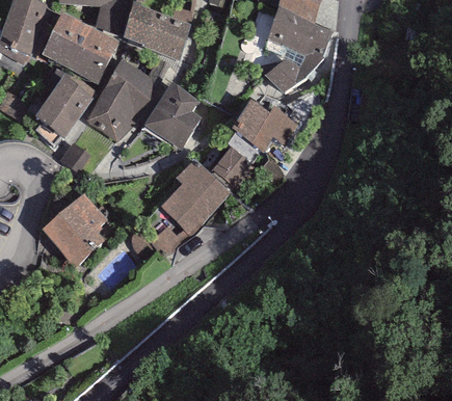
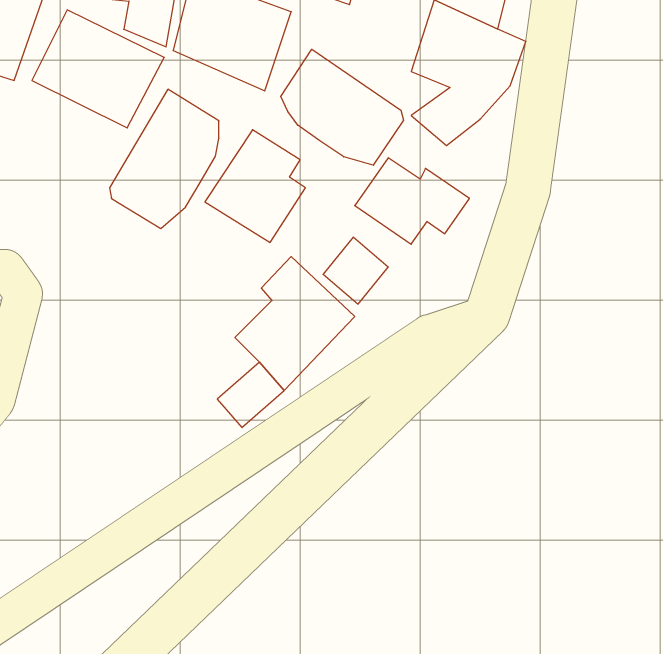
building: none -> [281,49,403,165]
building: [34,71,96,137] -> none
building: [42,193,106,266] -> none

